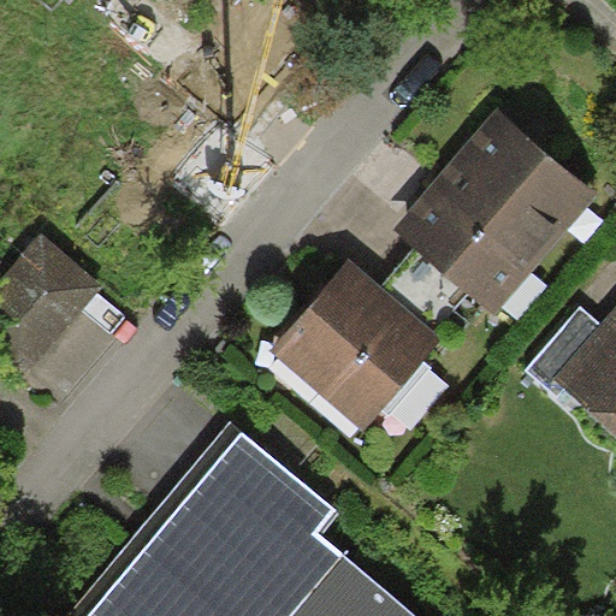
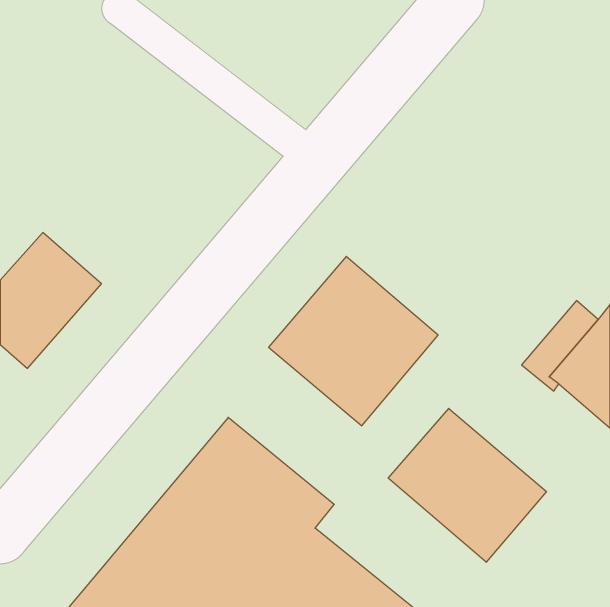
building: [392,111,598,319] -> none
building: none -> [388,408,546,562]

